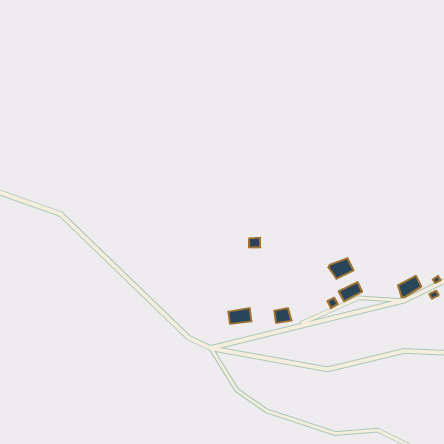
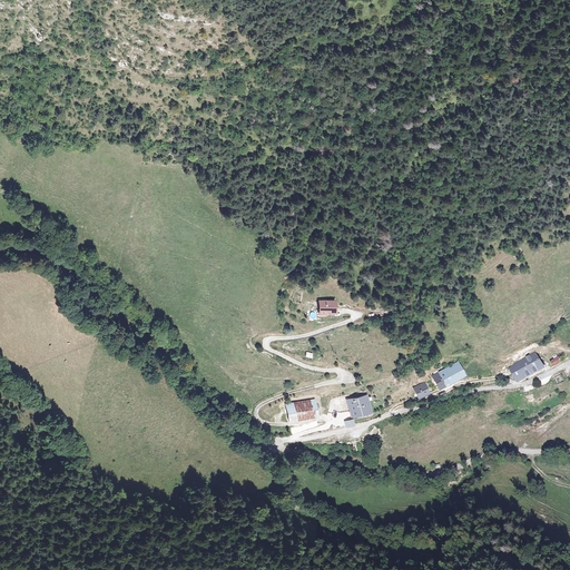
building: [328,258,354,279] -> none

